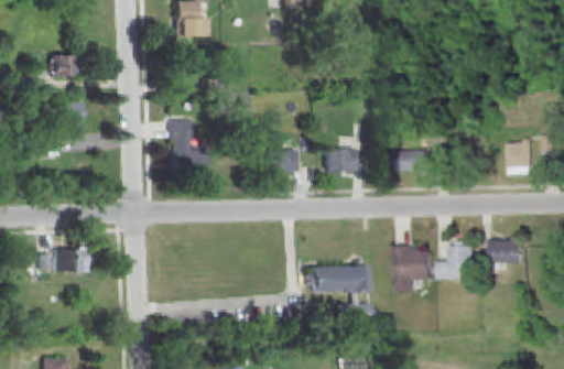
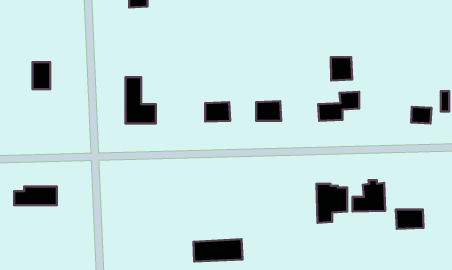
building: [51,55,79,76] -> none
building: none -> [331,57,352,80]
building: [494,240,527,263] -> [396,209,424,229]
building: [312,264,370,291] -> [193,239,243,261]

